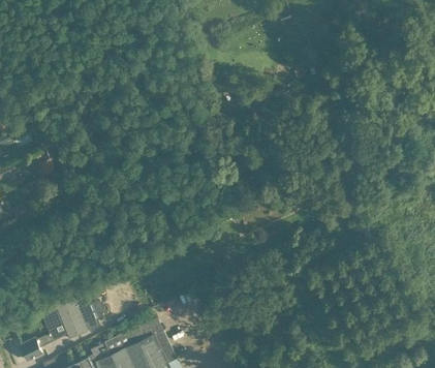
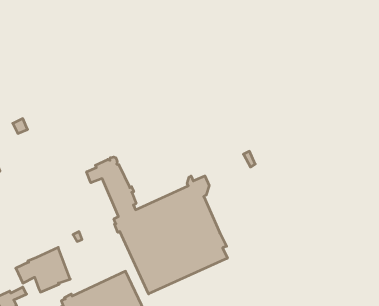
building: none -> [87,157,227,294]

